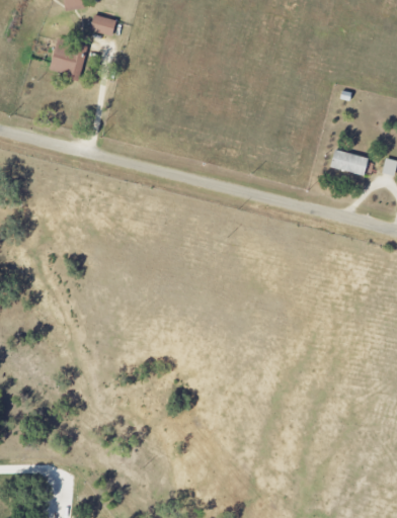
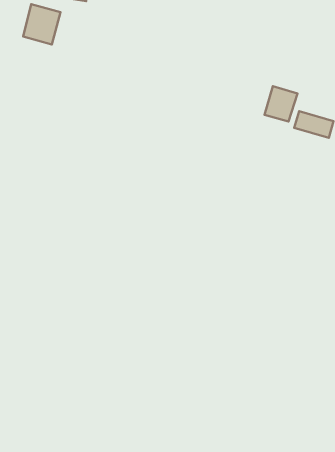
building: none -> [265,86,297,122]

